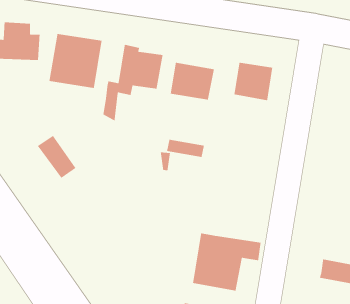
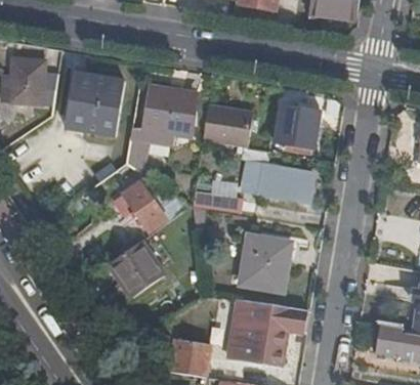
building: none -> [242,148,312,202]
building: [37,135,76,179] -> [124,181,169,231]
building: none -> [240,236,291,294]
building: none -> [110,241,166,297]
building: none -> [170,339,210,376]

